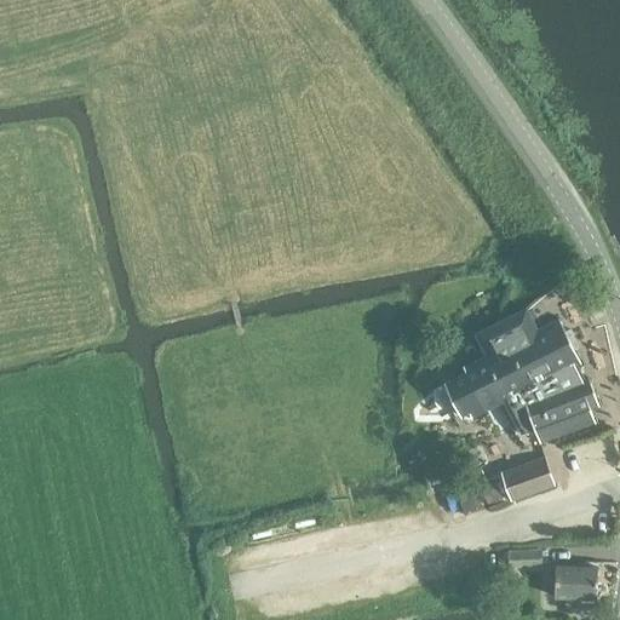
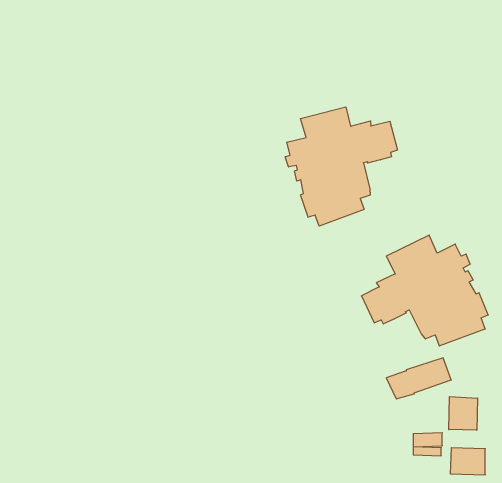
building: none -> [285,107,398,226]
building: none -> [449,397,478,430]

